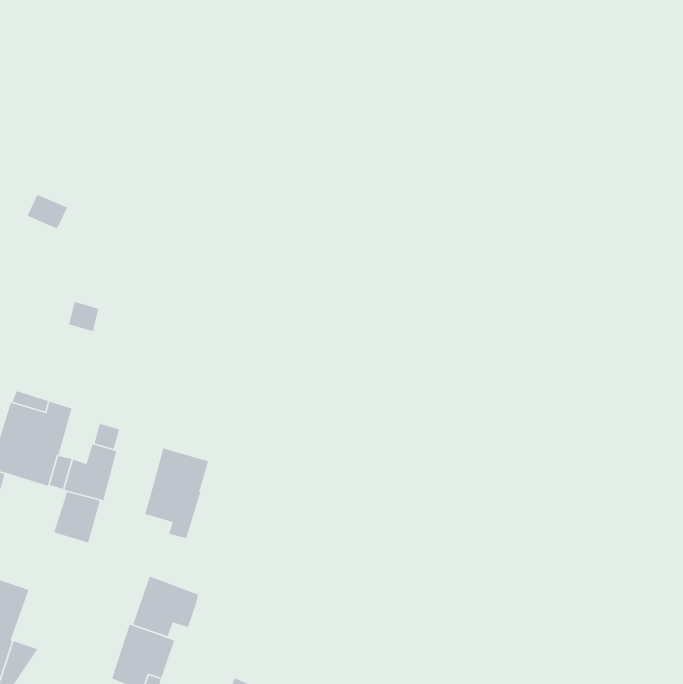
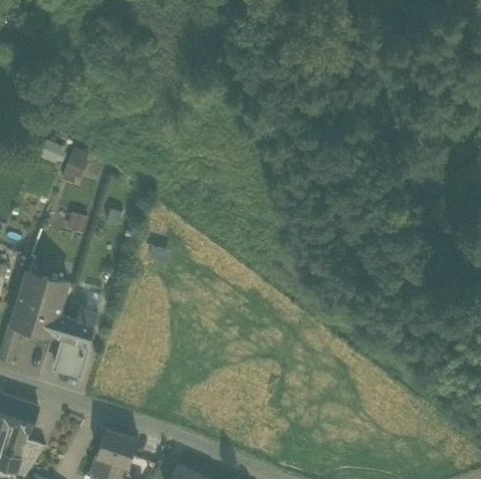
building: none -> [60,148,84,185]
building: [144,447,209,539] -> none
building: [132,575,199,637] -> none

